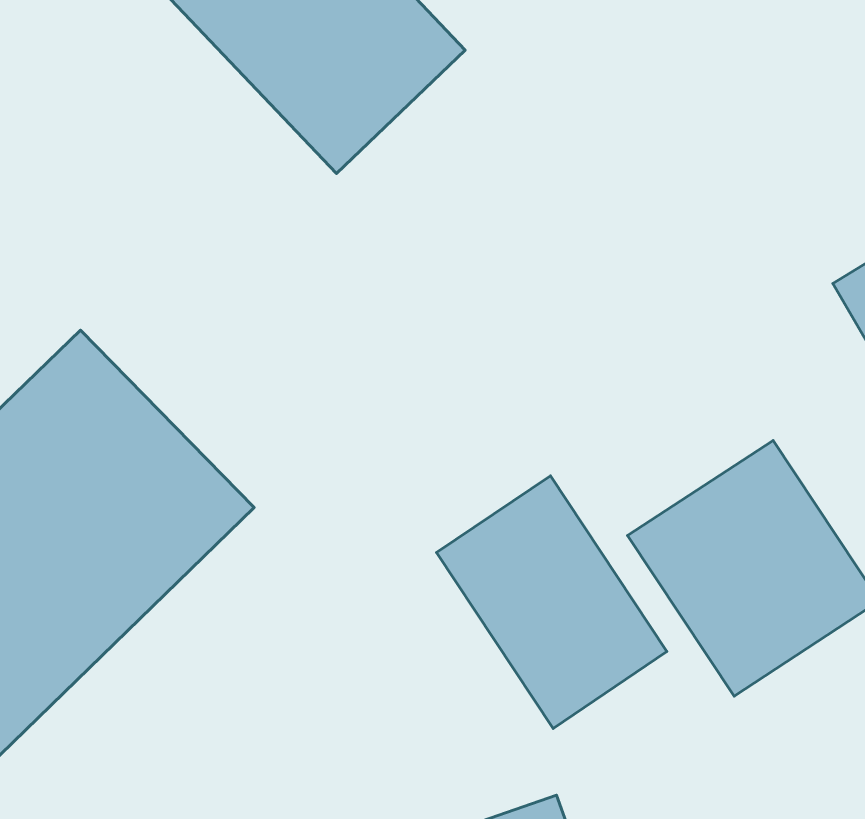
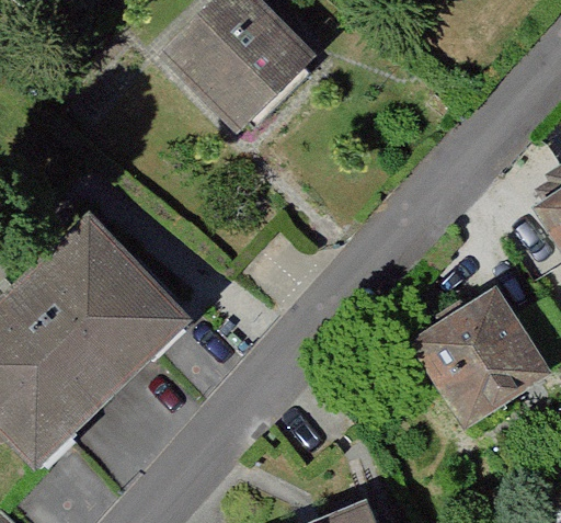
building: [437,476,667,728] -> none

